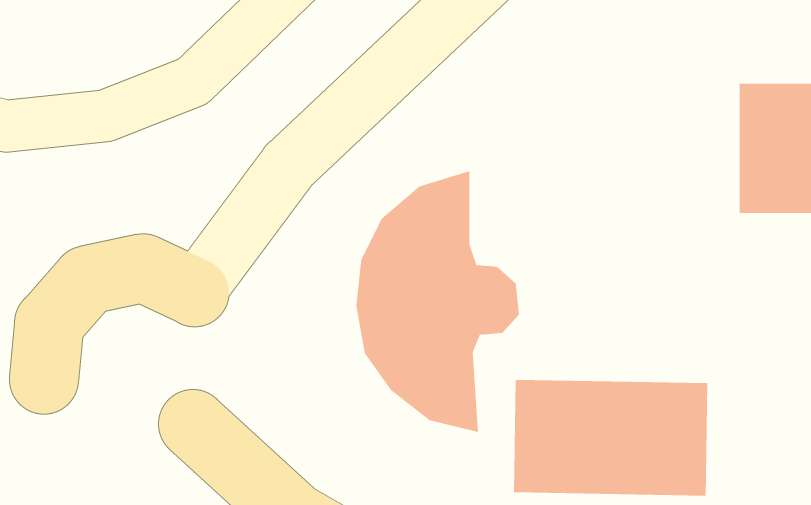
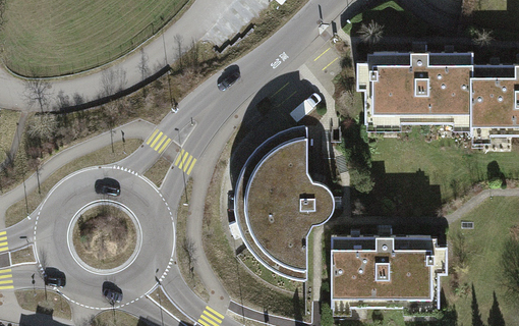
building: none -> [361,57,467,130]

